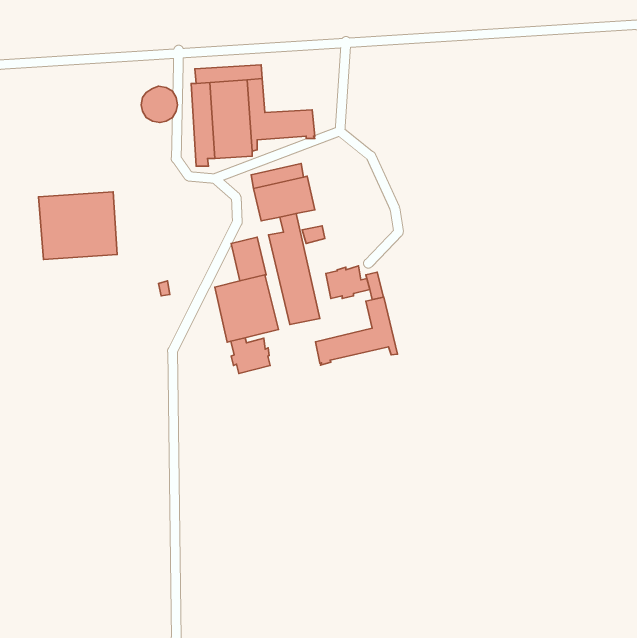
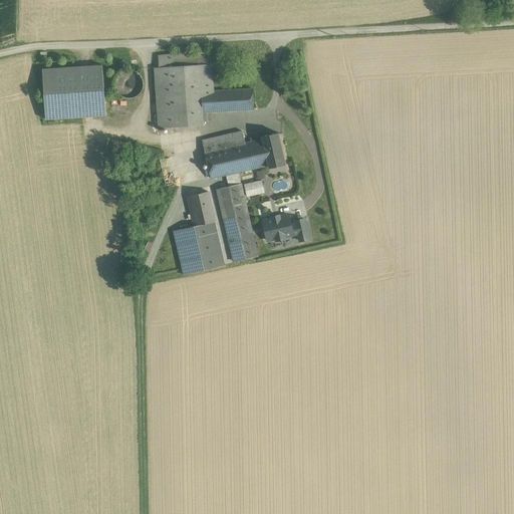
building: none -> [247,133,284,169]
building: [38,192,117,259] -> [41,65,104,119]
building: [316,297,398,365] -> none
building: [231,338,270,374] -> none

